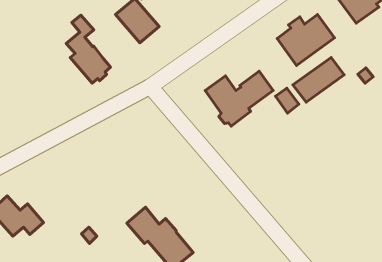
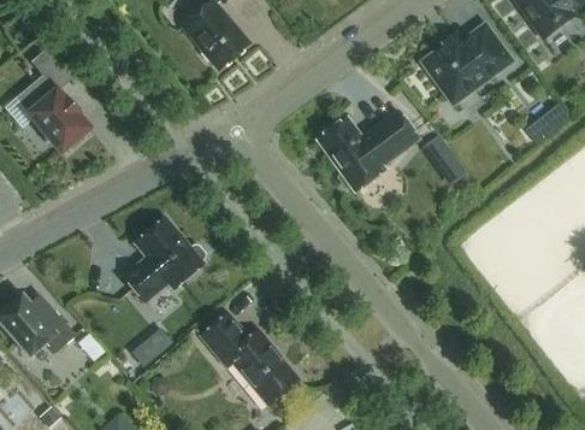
building: [66,15,111,83] -> [23,51,89,152]
building: [293,57,344,102] -> none
building: none -> [123,217,205,302]

